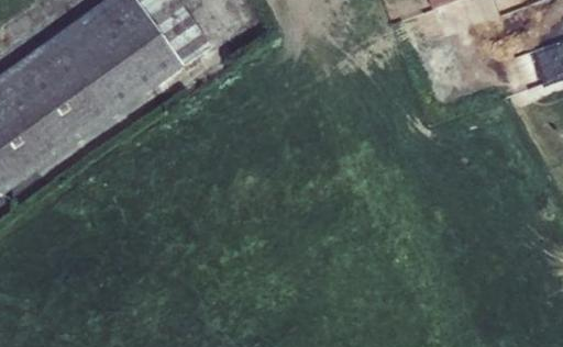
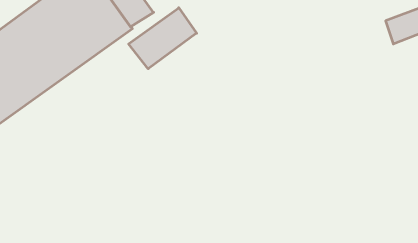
building: none -> [129,8,197,69]

